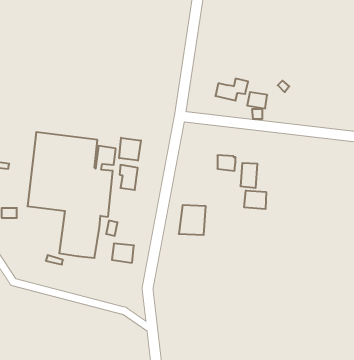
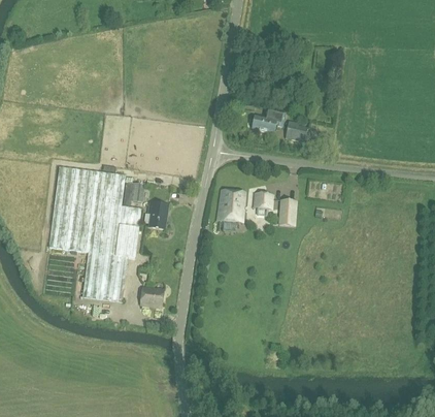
building: [119,138,141,161] -> none
building: [244,190,266,209] -> none
building: [179,205,206,235] -> [215,189,244,221]

